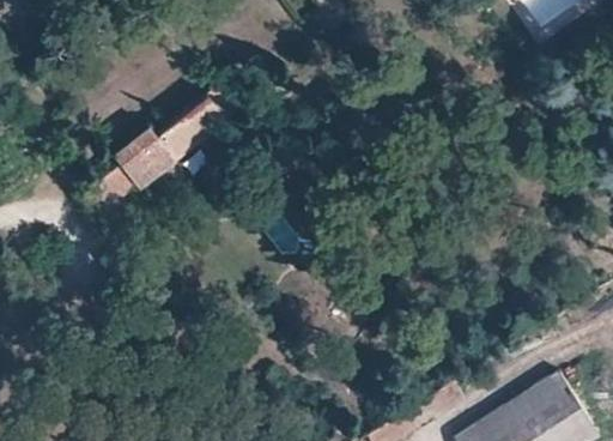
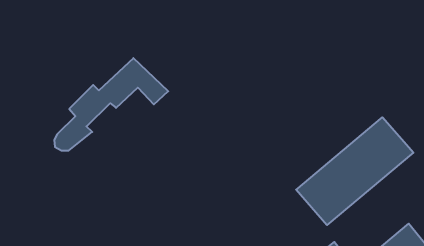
building: none -> [296,117,413,225]

